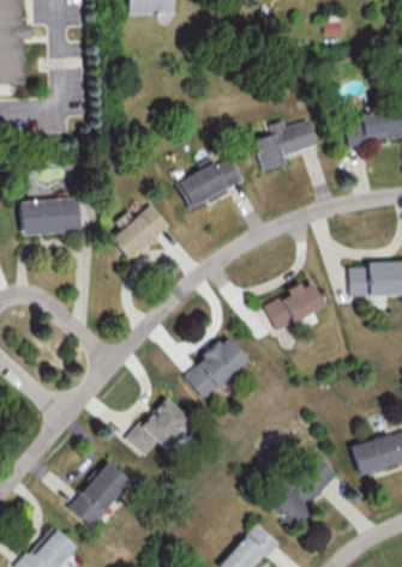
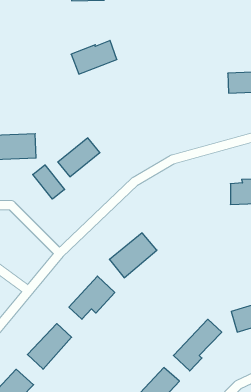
building: [254,120,319,171] -> none
building: [180,159,244,206] -> [71,40,117,74]
building: none -> [33,165,65,199]
building: [264,283,325,331] -> none

